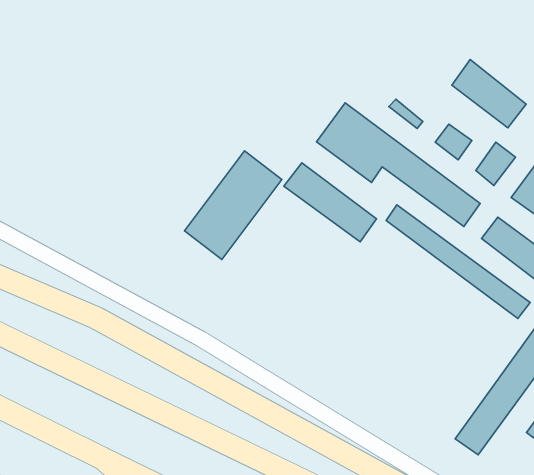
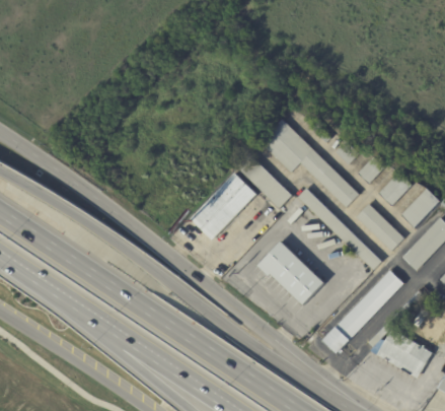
building: [452,60,526,128] -> none
building: [185,151,282,259] -> [190,173,255,239]
building: none -> [257,242,323,305]

